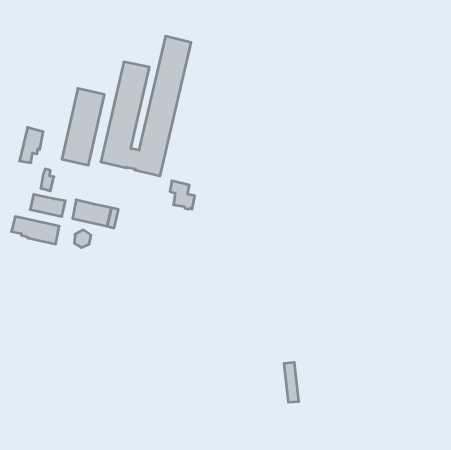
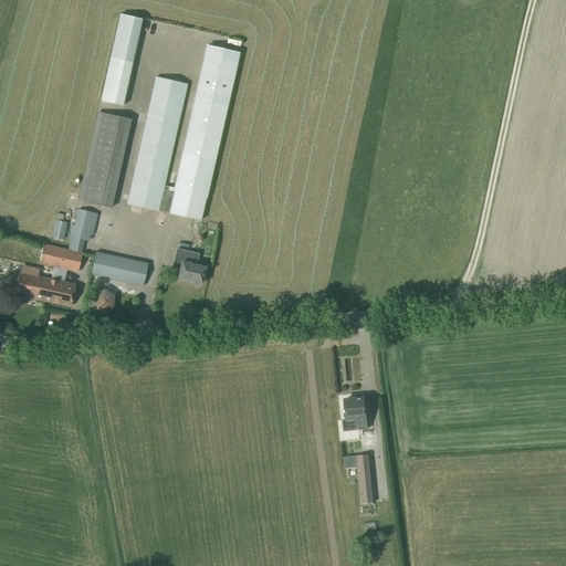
building: none -> [101,13,142,104]
building: [19,127,43,163] -> [69,207,98,251]
building: [170,181,195,209] -> [175,248,206,283]
building: none -> [344,395,368,427]

